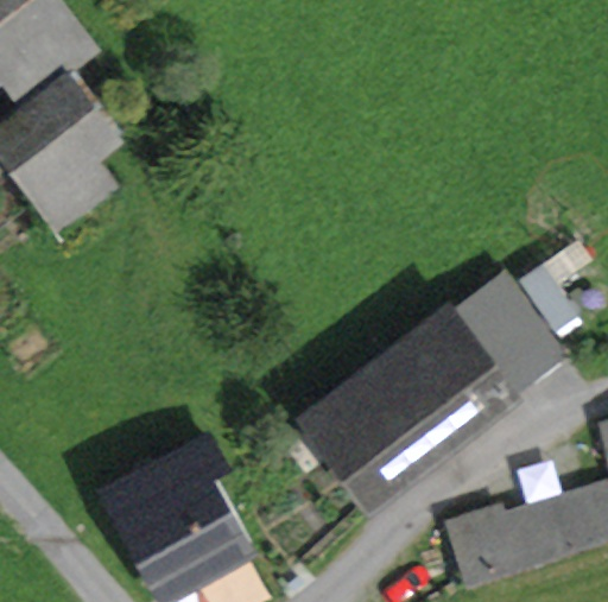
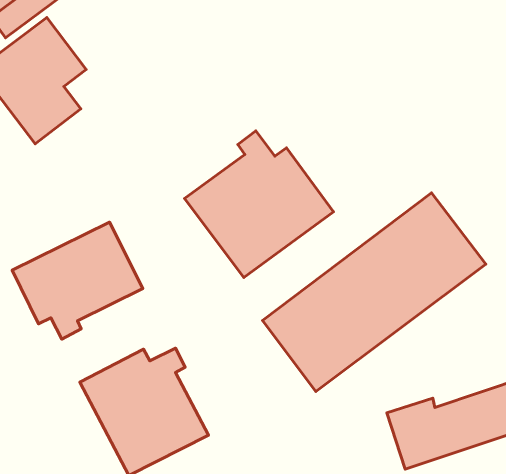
building: none -> [184,131,334,277]
building: none -> [12,222,143,339]

